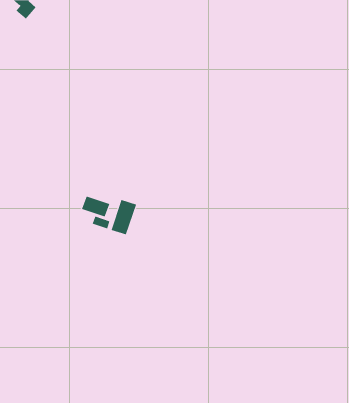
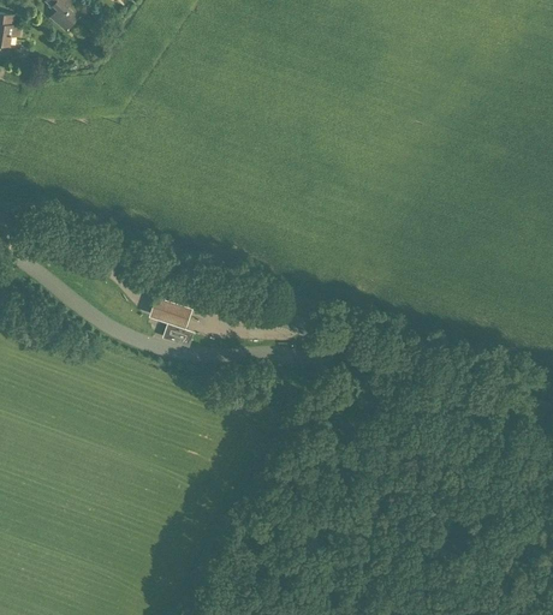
building: [111,199,137,235] -> none

